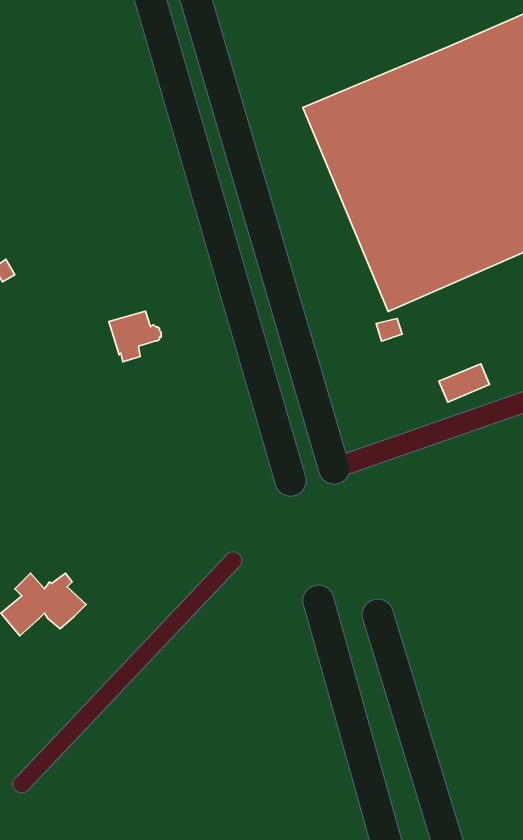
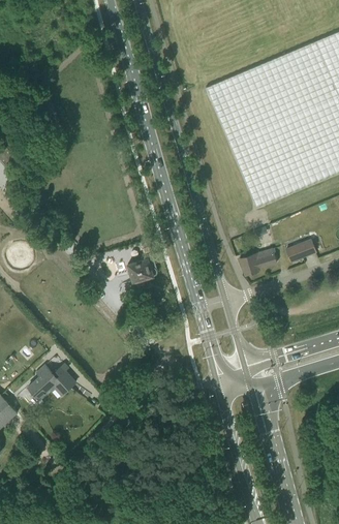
building: [109,311,161,362] -> [126,257,157,287]
building: none -> [240,248,277,275]

